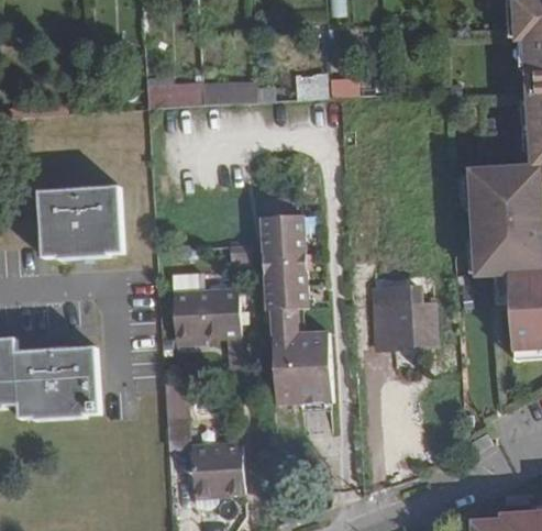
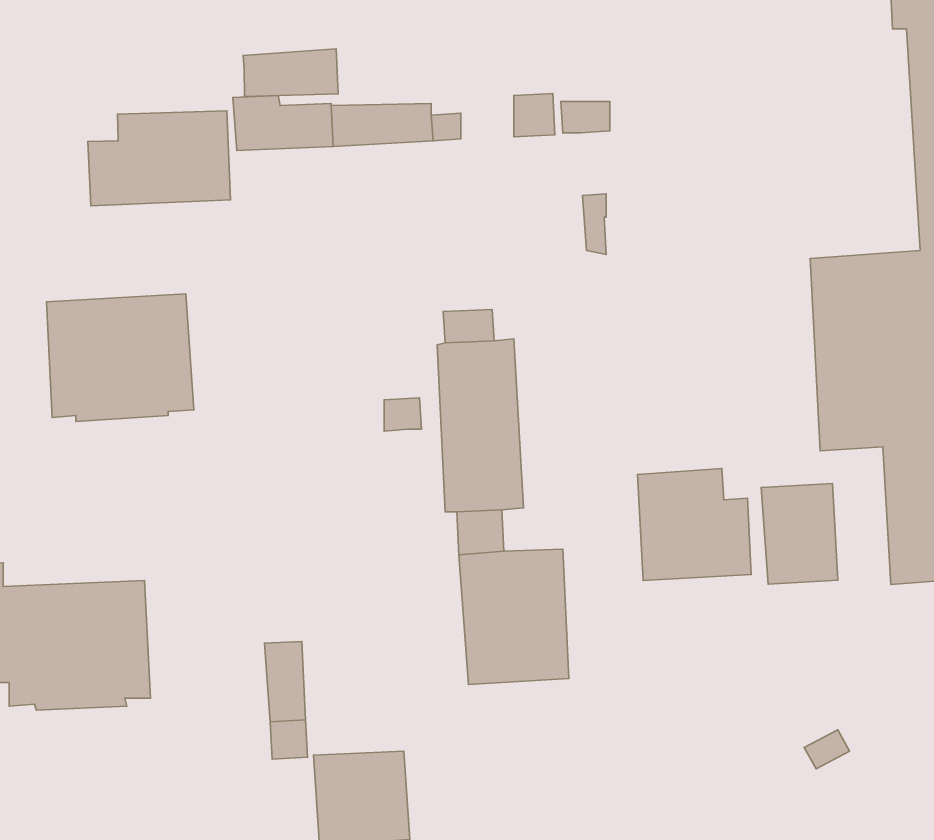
building: none -> [243,49,338,96]
building: none -> [88,111,230,206]
building: [174,288,240,343] -> none
building: none -> [761,483,838,584]

